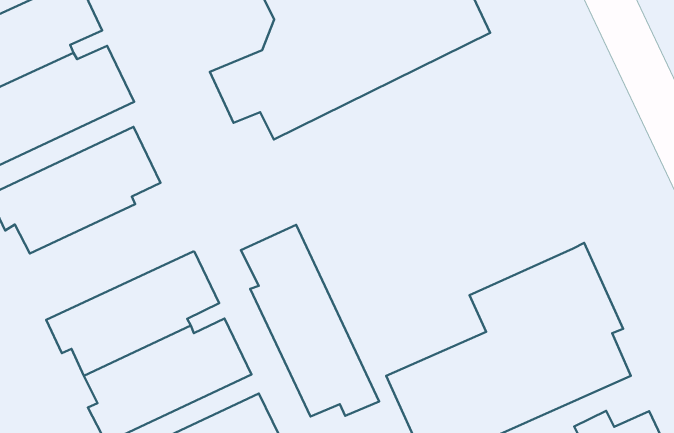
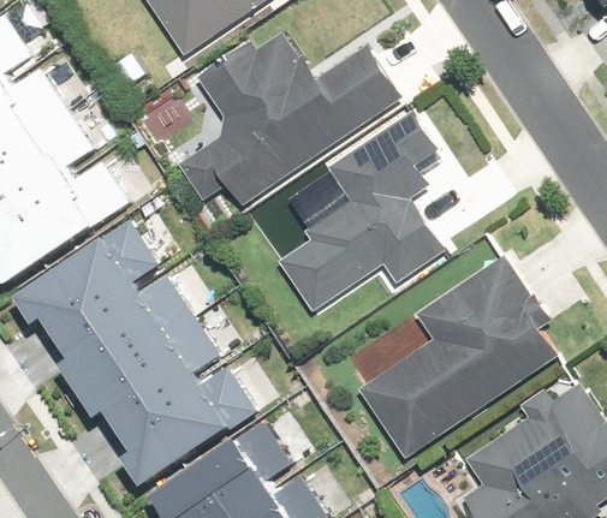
building: none -> [279,131,447,311]
building: none -> [55,274,188,386]
building: [241,225,379,417] -> none

